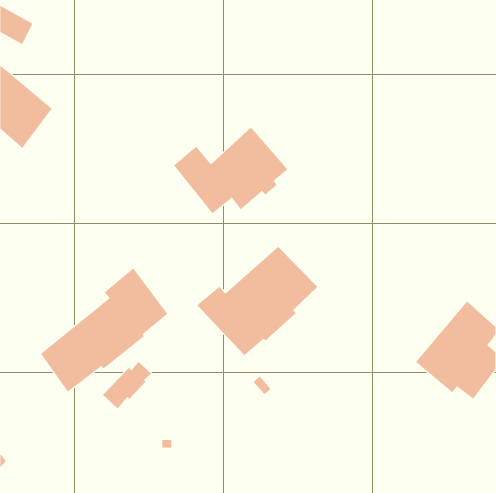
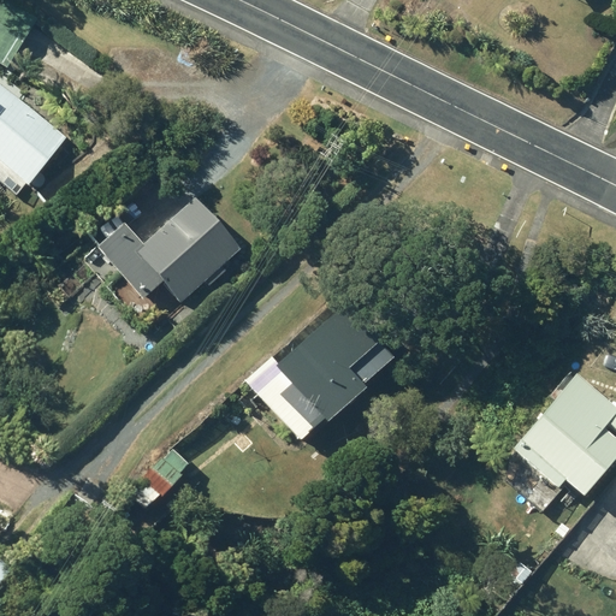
building: [173,127,288,214] -> [96,197,238,306]
building: [40,268,168,393] -> none

